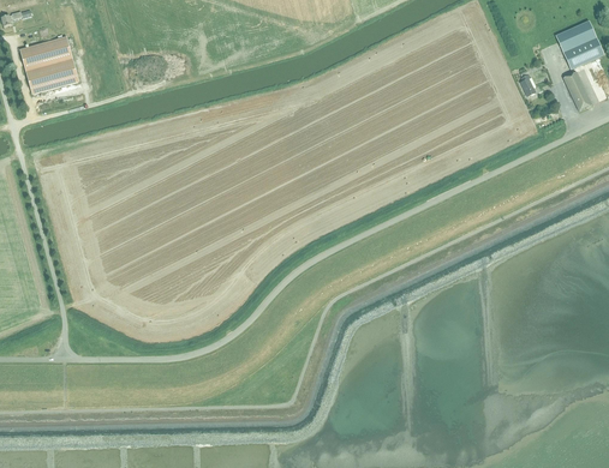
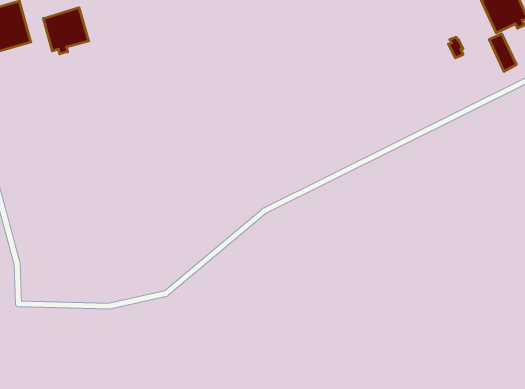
building: none -> [43,8,89,54]

